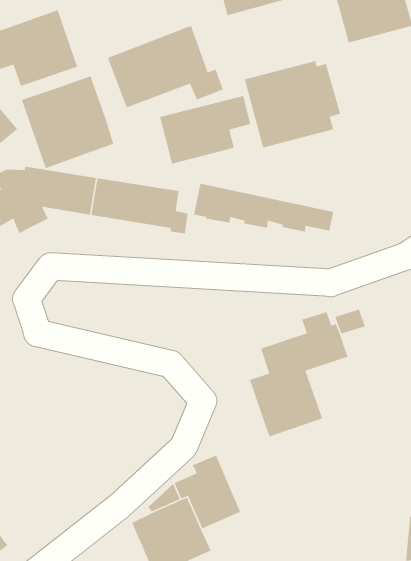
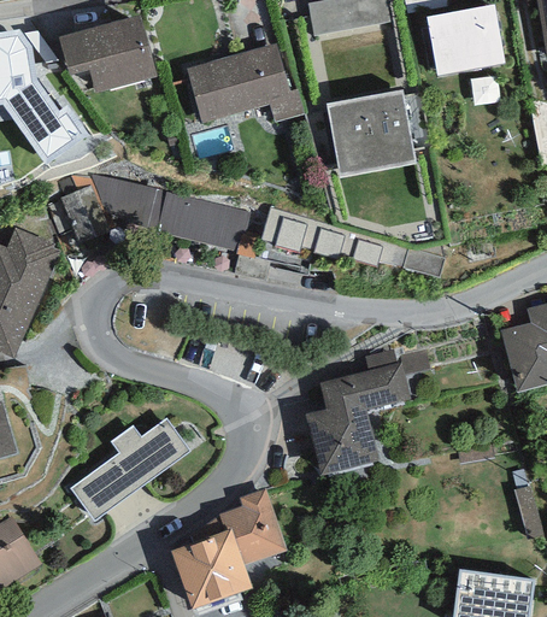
building: [21,75,114,169] -> none
building: [159,95,251,165] -> none
building: none -> [70,418,190,521]

